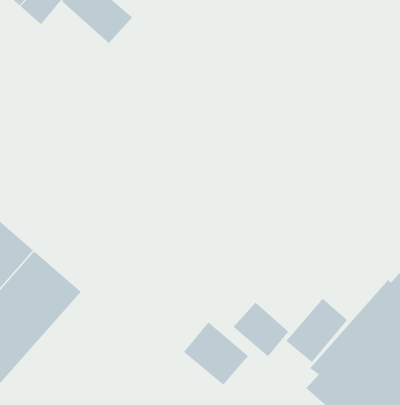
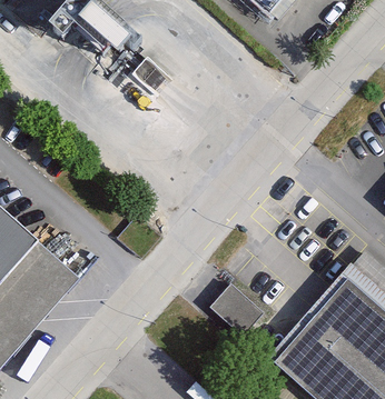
building: [286,298,348,363] -> none
building: [183,322,249,385] -> none

